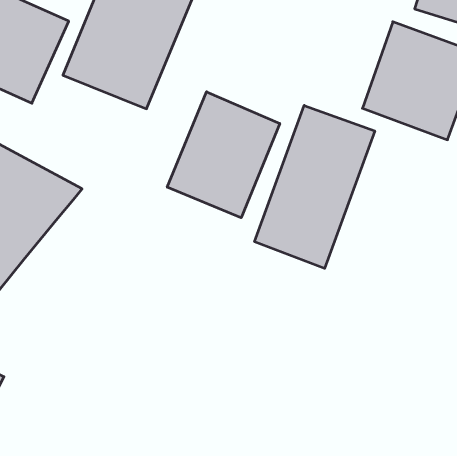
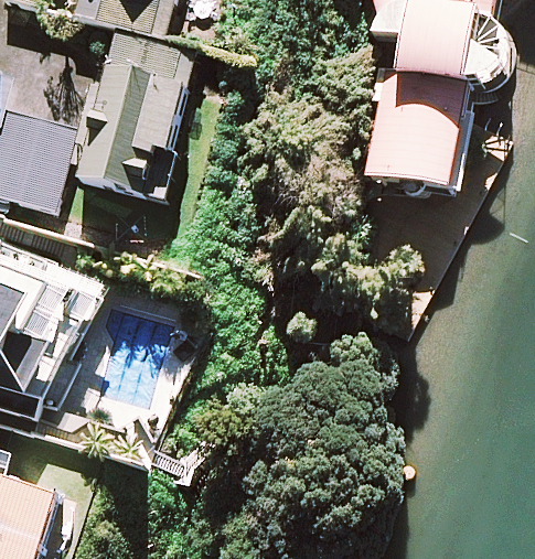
building: [167,92,280,218] -> none
building: [255,105,375,268] -> none

